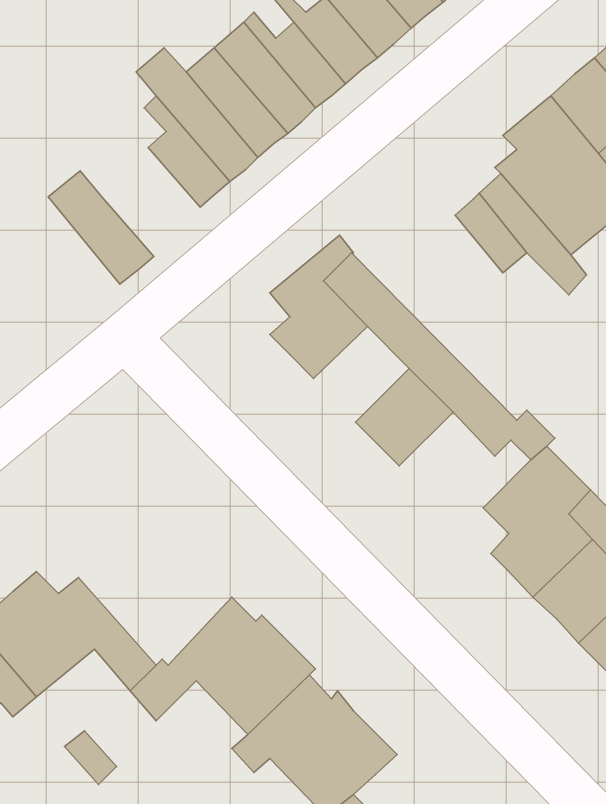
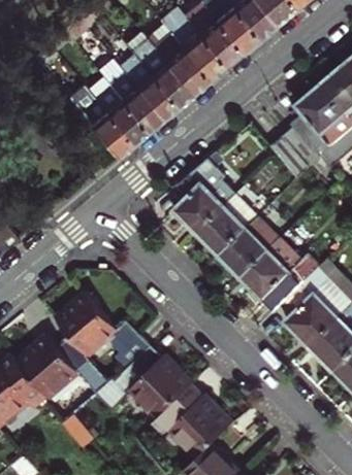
building: [48,171,154,284] -> [81,100,135,159]
building: none -> [194,206,244,256]
building: none -> [238,250,307,300]
building: none -> [58,293,152,381]

